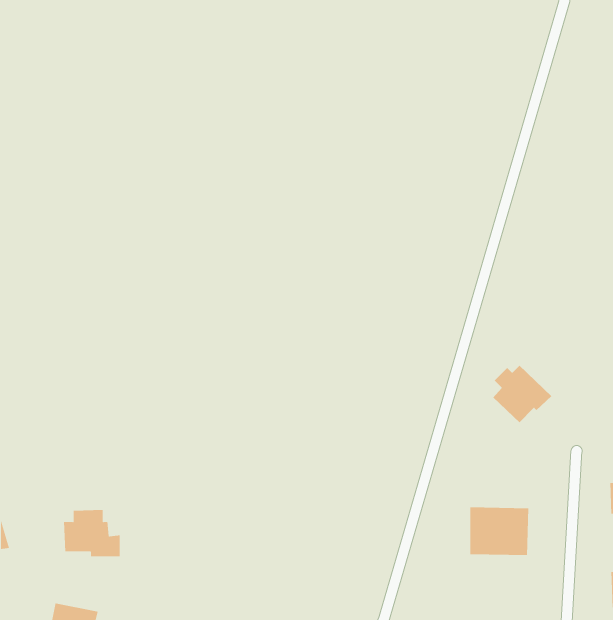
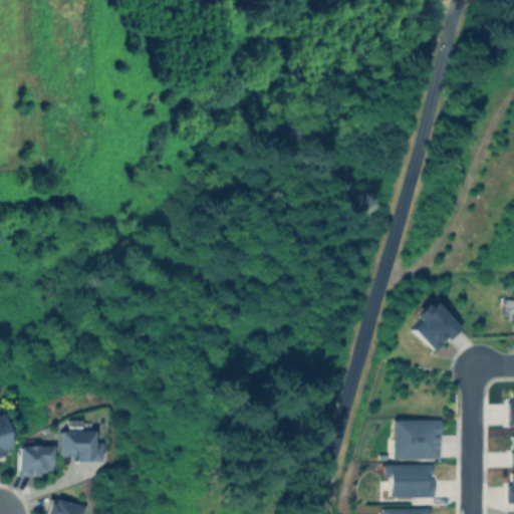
building: none -> [18,446,55,476]
building: none -> [384,464,436,498]

